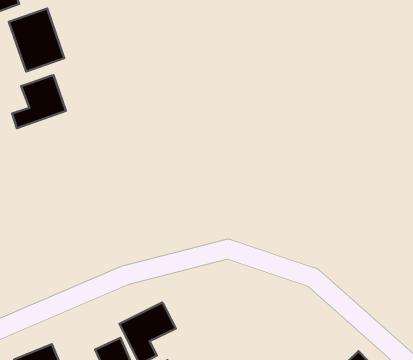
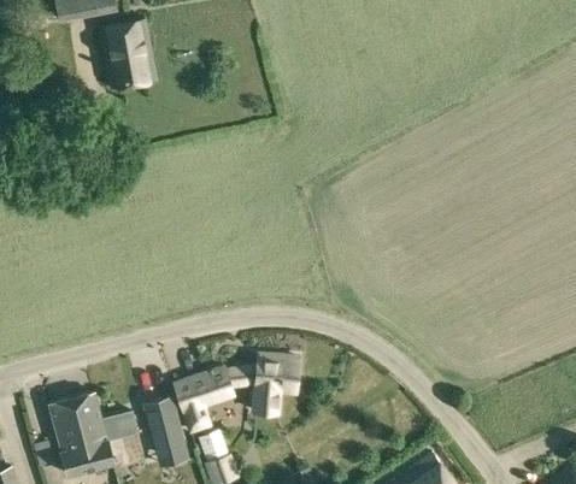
building: [12,75,66,128] -> none
building: none -> [253,355,299,413]

